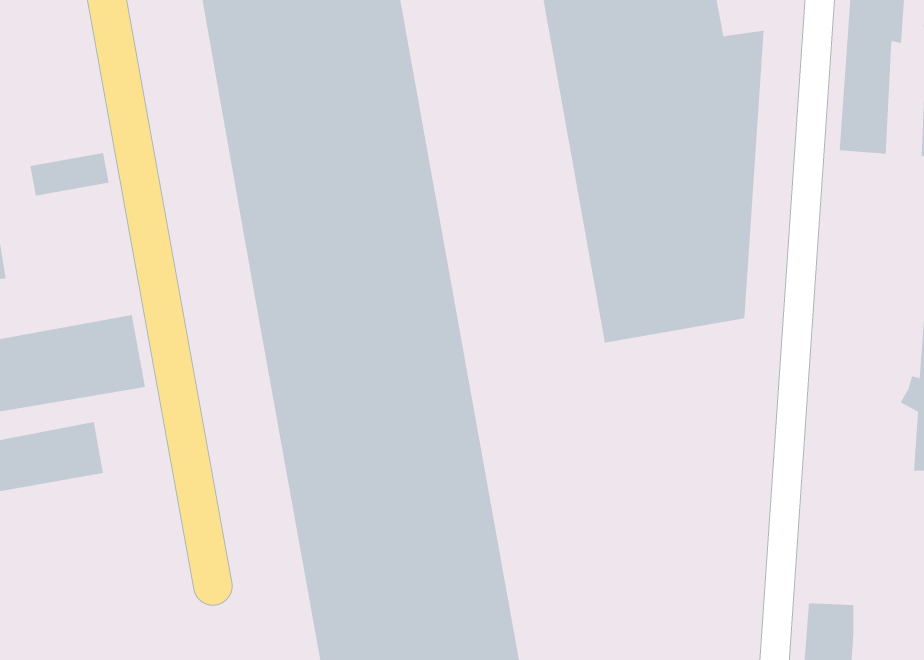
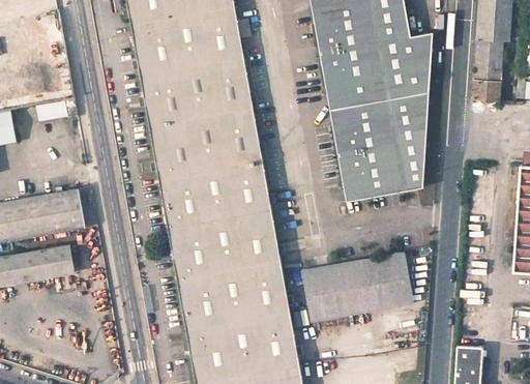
building: none -> [301,254,412,320]

